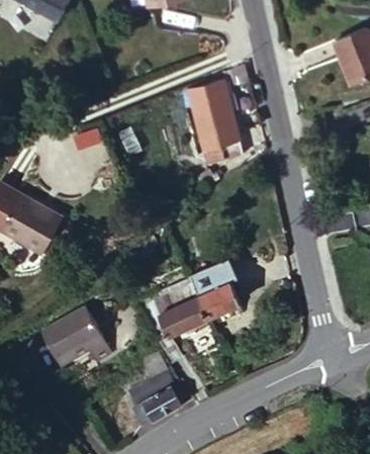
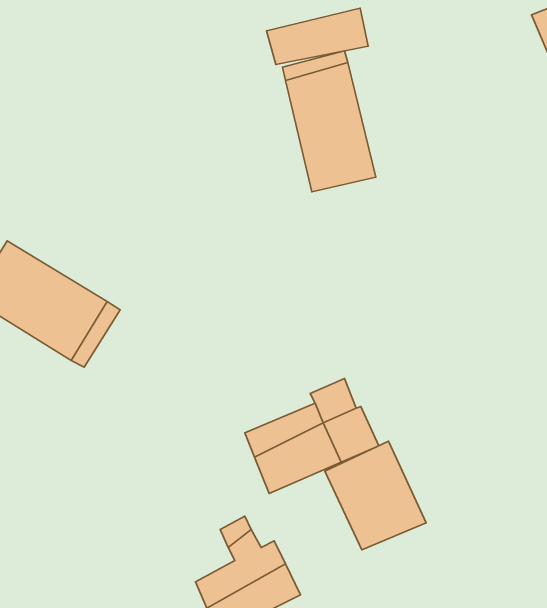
building: none -> [267,8,368,65]
building: [44,297,107,359] -> none
building: none -> [325,441,426,550]

